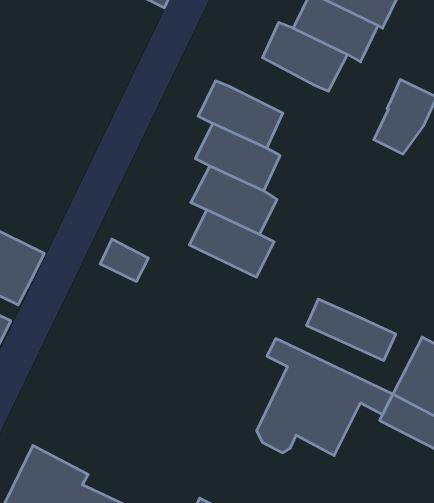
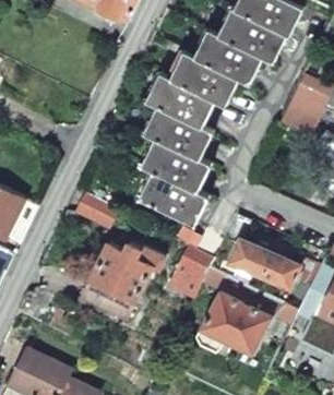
building: none -> [175,56,238,107]
building: none -> [84,243,162,312]
building: none -> [165,248,211,301]

